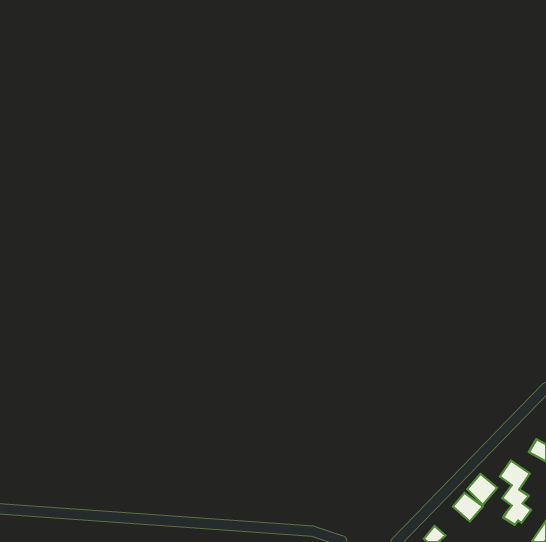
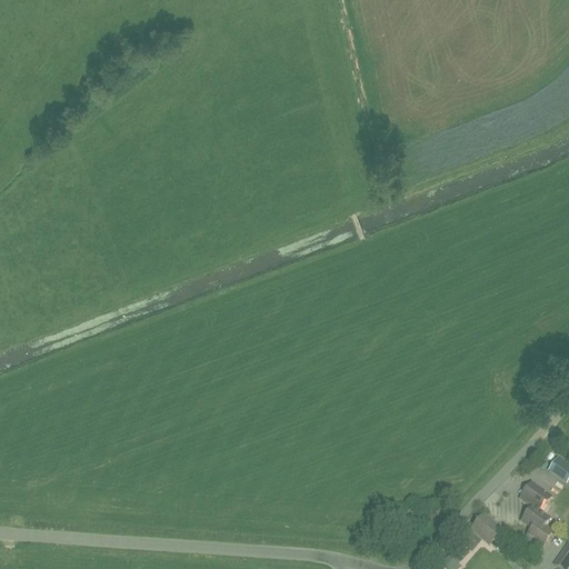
building: [467,474,497,505] -> none

